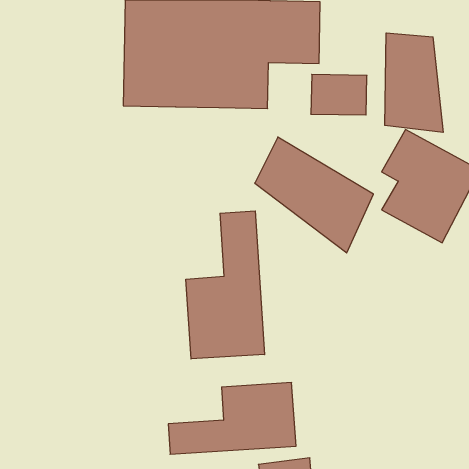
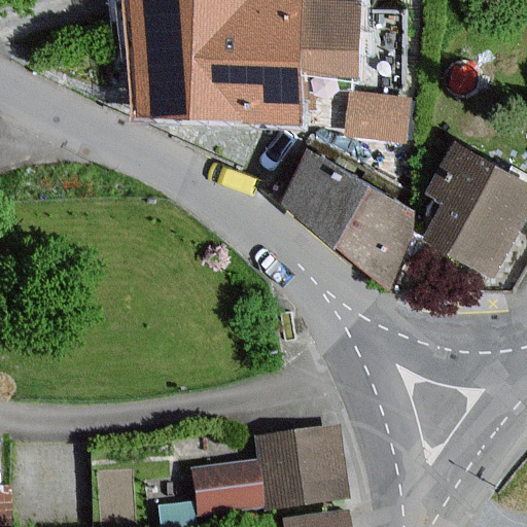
building: [385,33,443,132] -> none
building: [186,211,265,359] -> none

